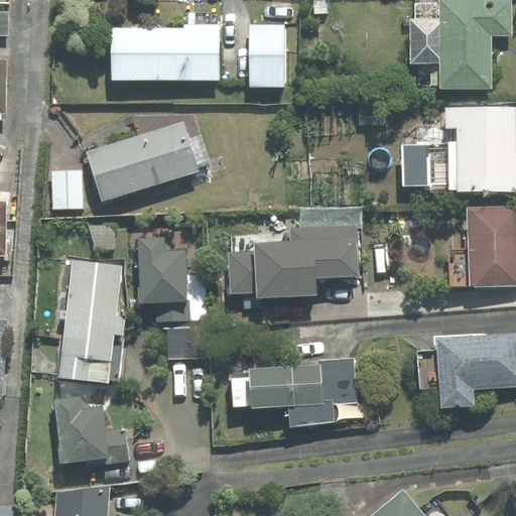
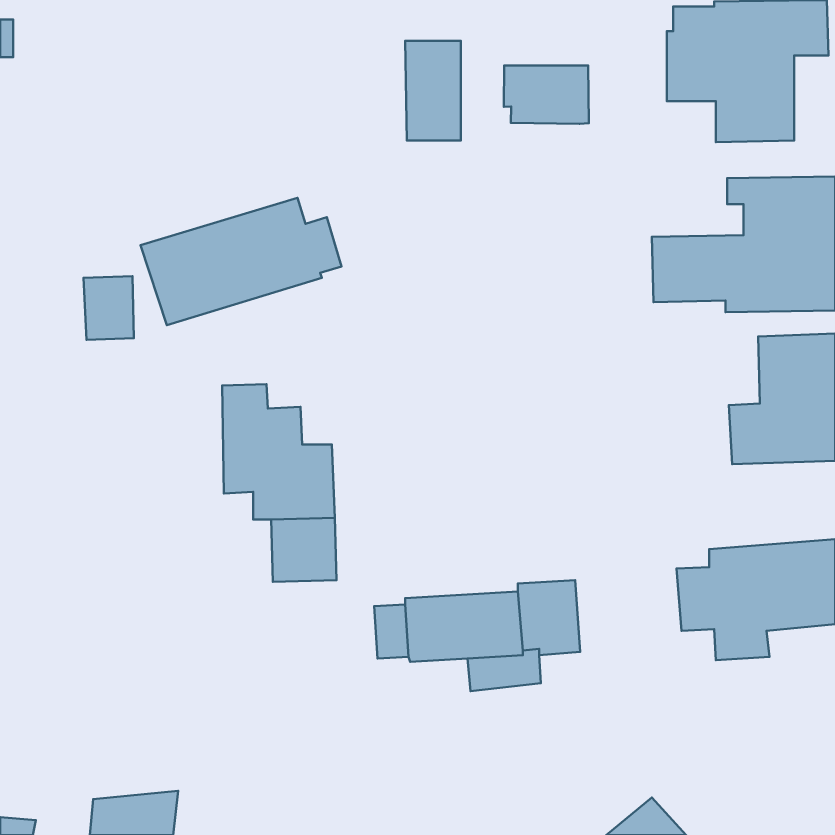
building: [112,24,219,81] -> none
building: none -> [504,65,589,124]
building: [229,225,359,298] -> none
building: [59,260,126,383] -> none
building: [54,396,129,466] -> none

